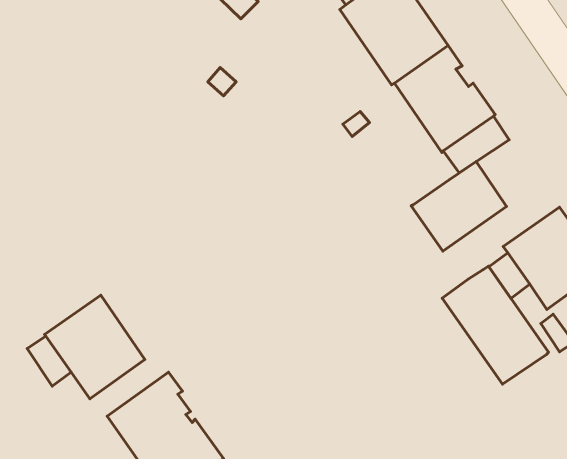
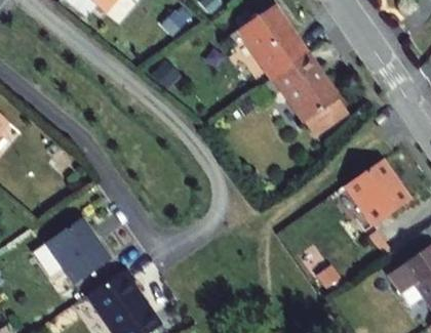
building: [411,162,506,251] -> none
building: [442,266,549,384] -> none

